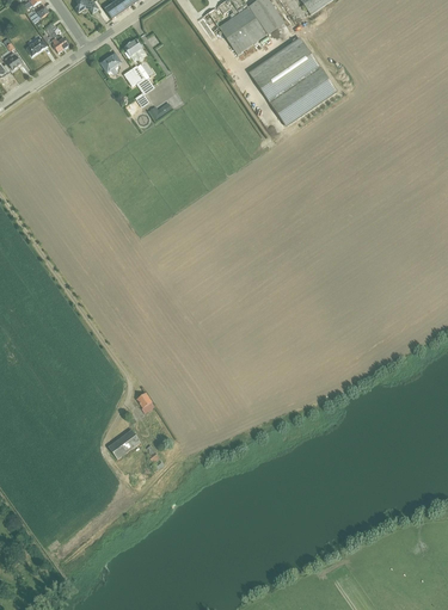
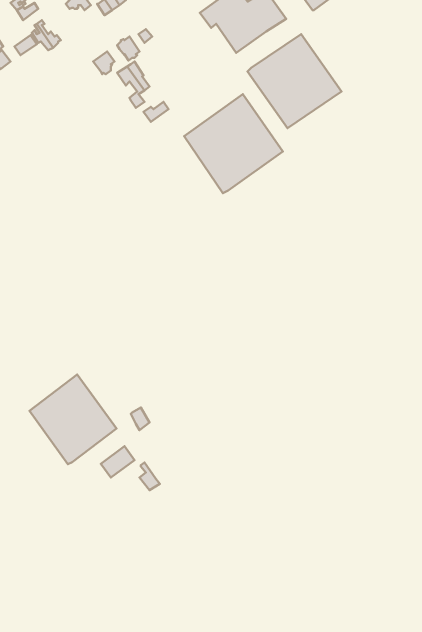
building: none -> [184,94,283,193]
building: none -> [29,375,117,464]

